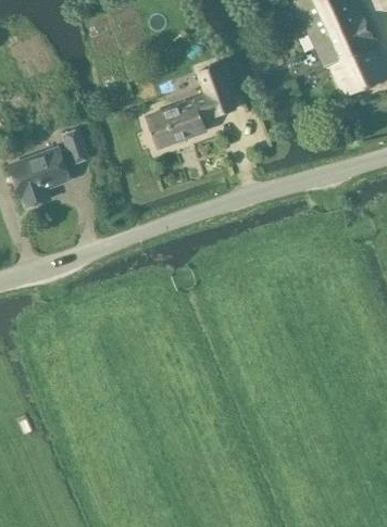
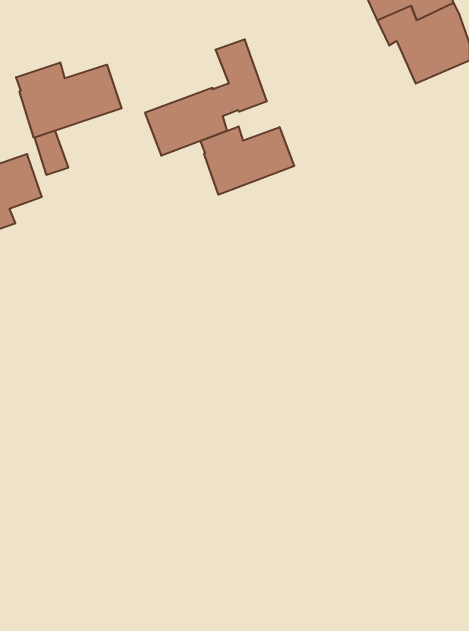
building: none -> [16,62,122,138]
building: none -> [201,126,294,195]

